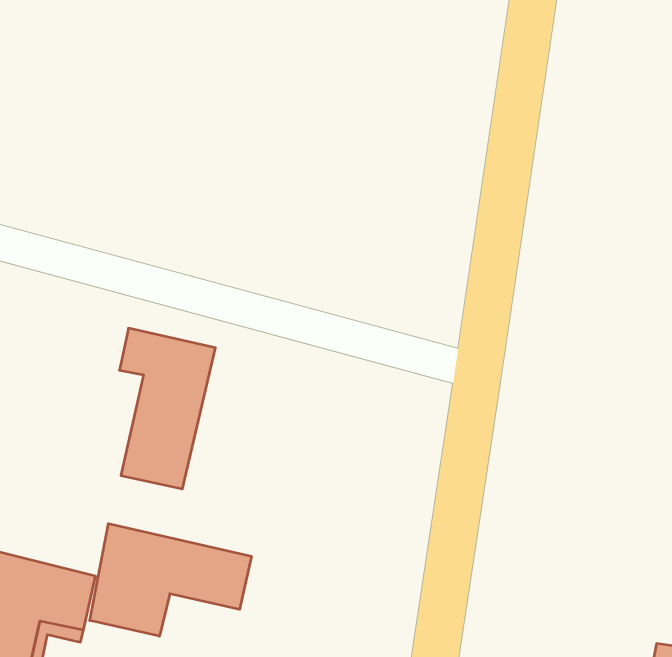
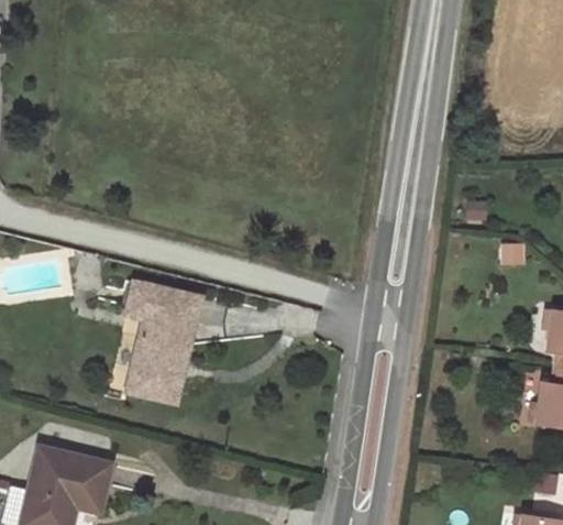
building: [90,524,251,636] -> none

